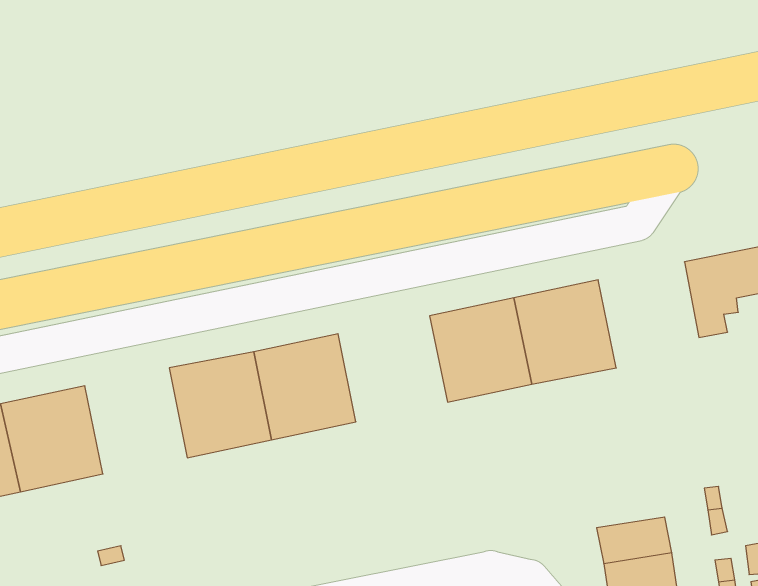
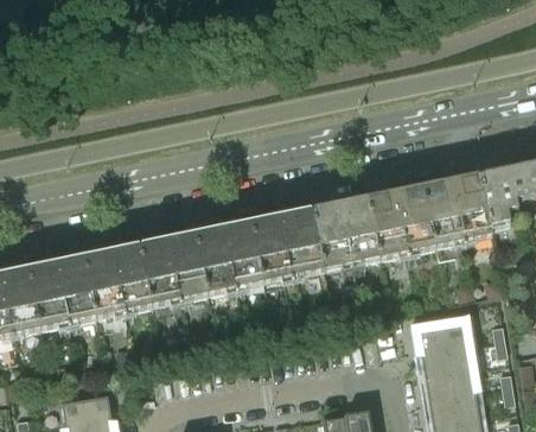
building: none -> [421,173,490,243]
building: none -> [249,209,321,279]
building: none -> [82,243,149,313]
building: none -> [416,318,465,349]

